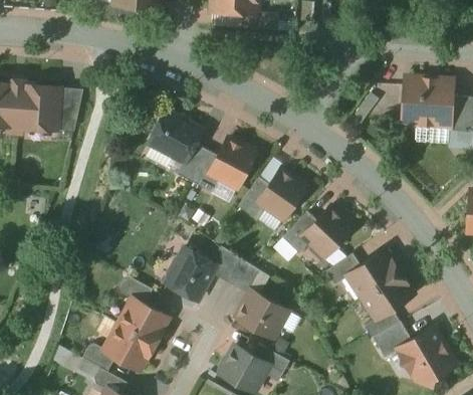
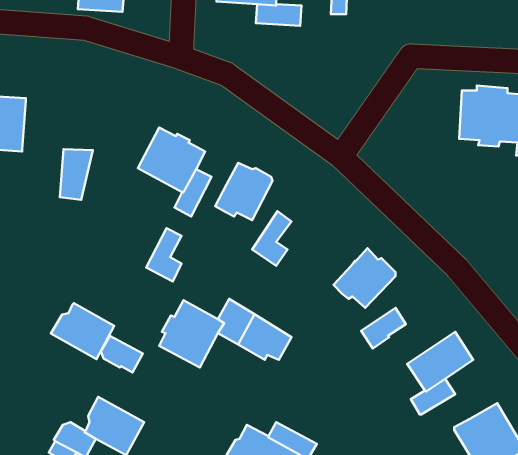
building: [56,89,82,130] -> [60,149,93,200]
building: [190,150,218,192] -> [146,228,182,281]
building: [257,169,305,216] -> none
building: [282,211,316,253] -> none
building: [345,250,399,298] -> none
building: [235,290,287,338] -> none
building: [116,300,167,344] -> [51,303,114,359]
building: [372,322,411,358] -> none

